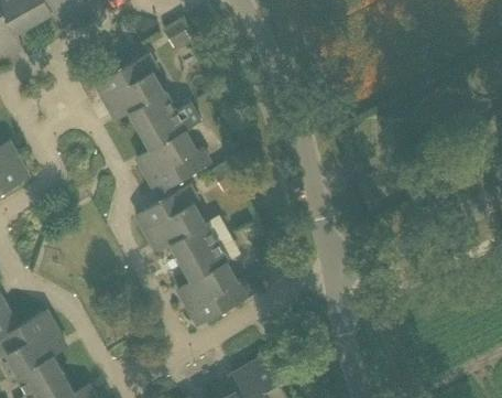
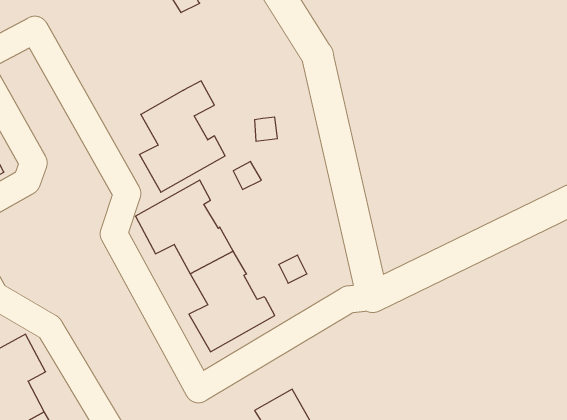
building: [92,52,174,129] -> none

